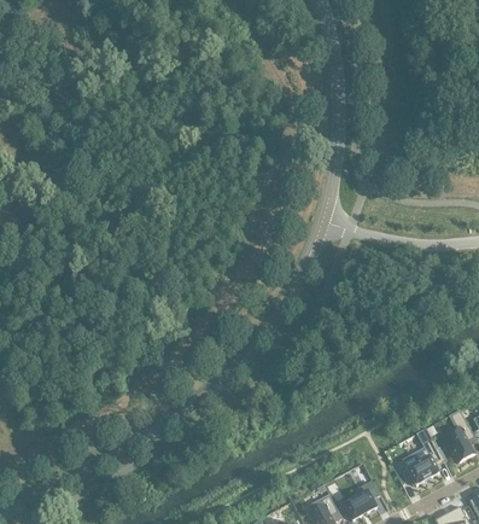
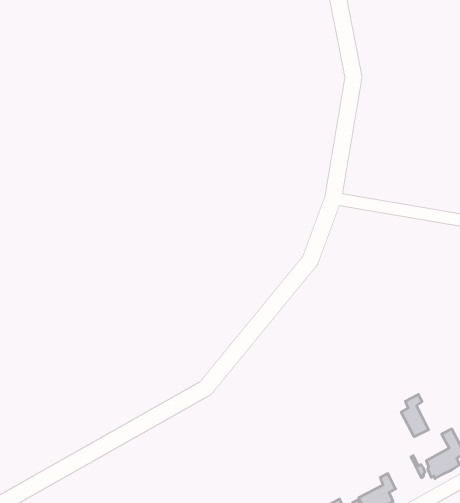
building: none -> [401,394,429,437]

